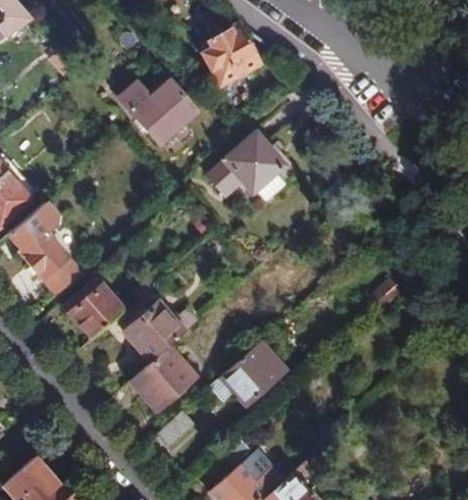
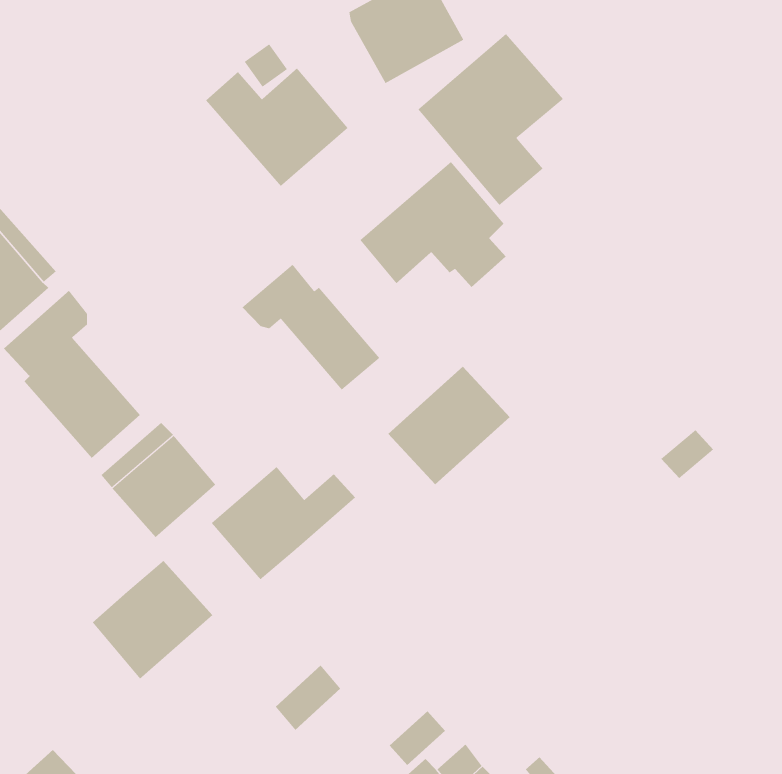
building: none -> [417,33,564,206]
building: none -> [241,264,380,391]
building: [218,341,287,407] -> [388,366,511,485]
building: [129,346,197,412] -> [92,560,213,680]

